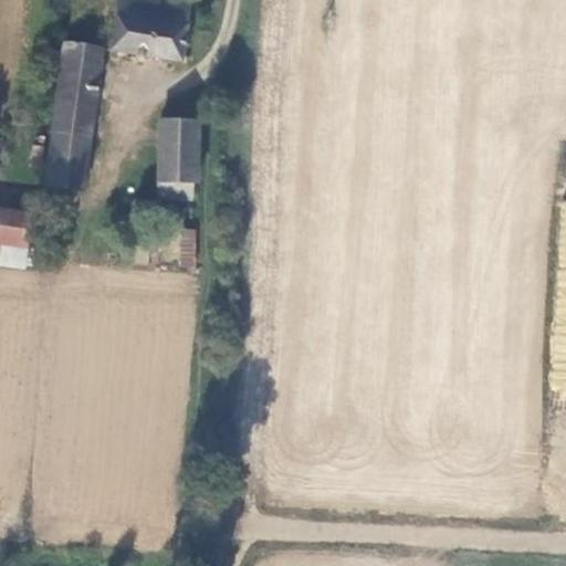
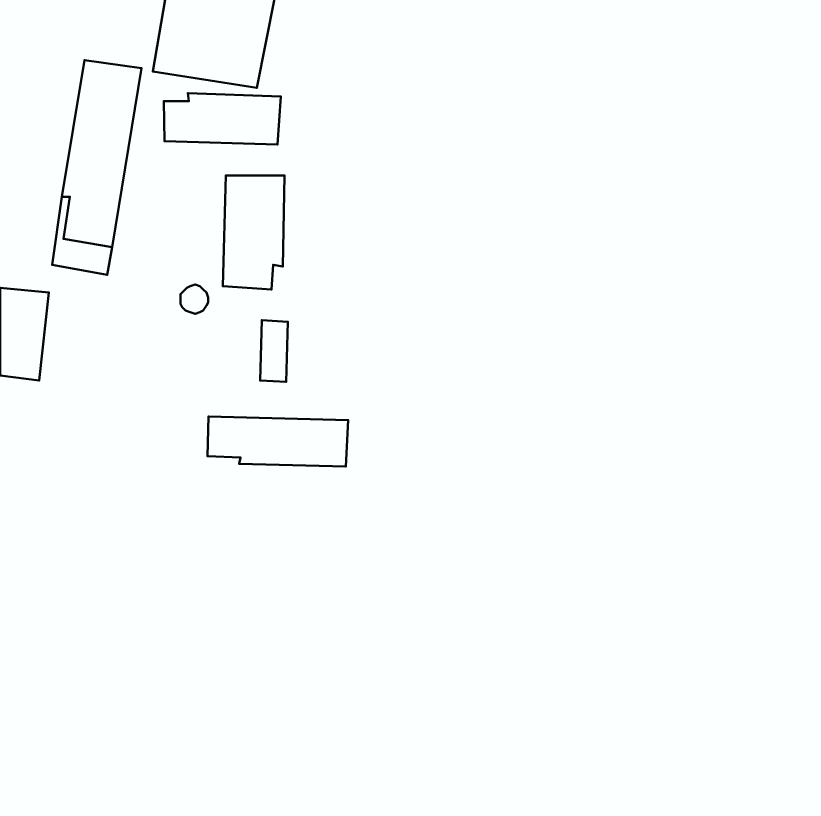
building: none -> [164,93,281,144]
building: none -> [208,417,348,466]

